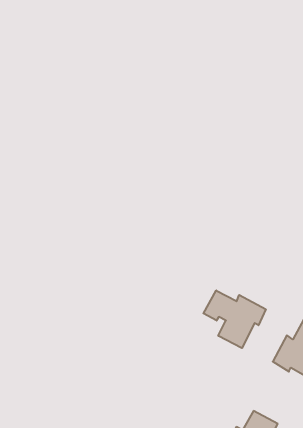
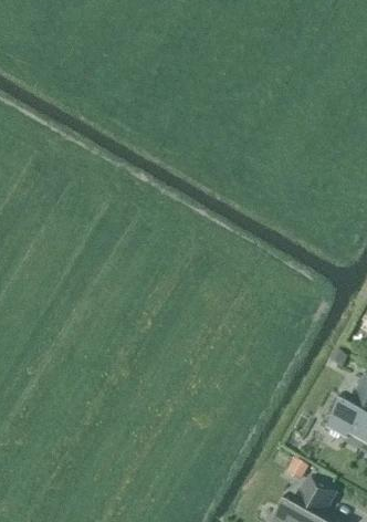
building: [203,290,266,348] -> none

